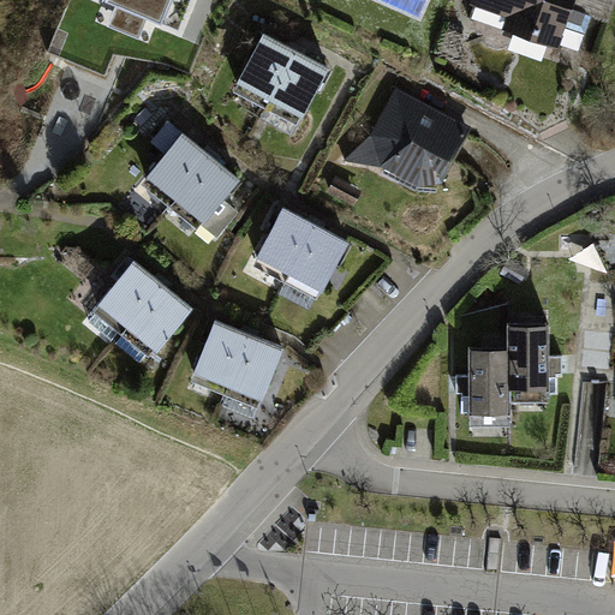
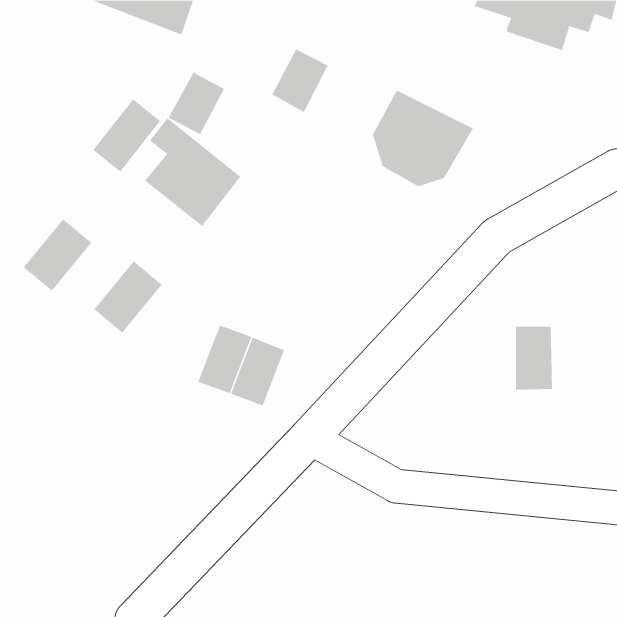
building: [237,34,293,96] -> [168,72,225,135]
building: none -> [92,98,161,172]
building: [256,208,345,288] -> none
building: [121,285,190,357] -> [23,219,92,291]
building: [467,346,510,416] -> none

